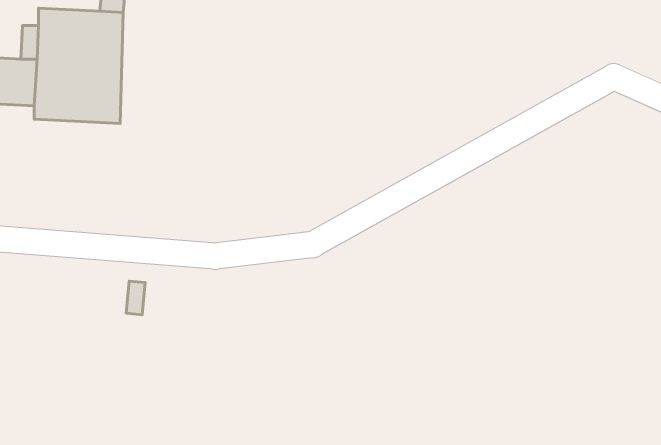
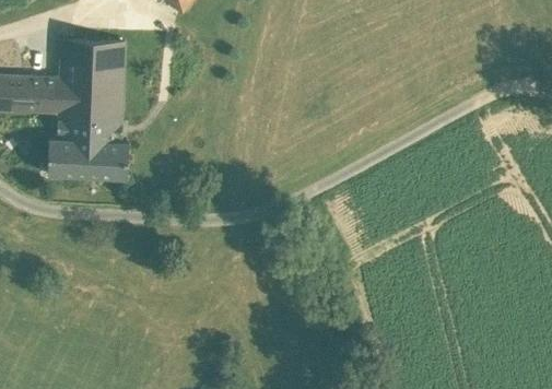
building: none -> [48,123,129,178]

